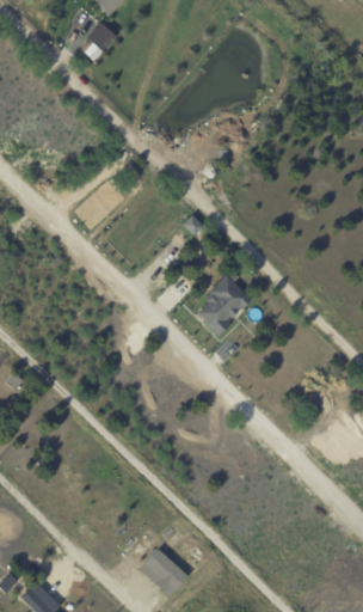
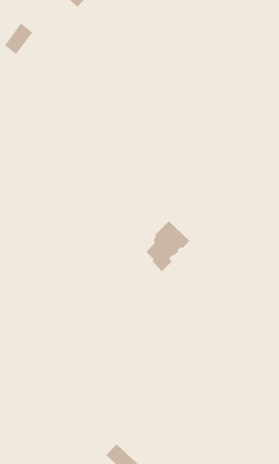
building: [80,22,116,61] -> [4,23,33,55]

